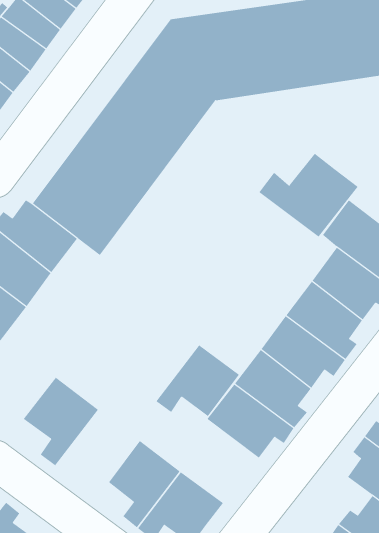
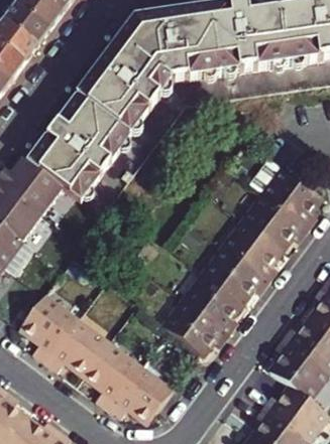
building: [259,153,359,237] -> none
building: [156,345,240,417] -> [46,320,111,376]

